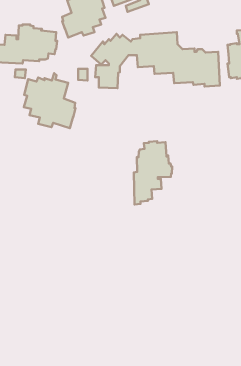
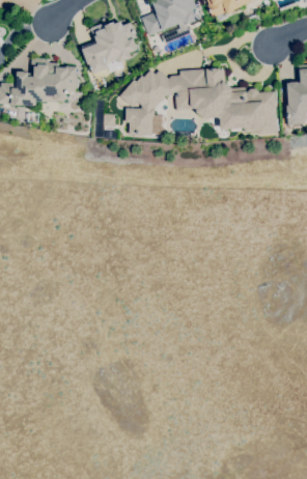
building: [24,73,76,128] -> none
building: [134,141,172,205] -> none

